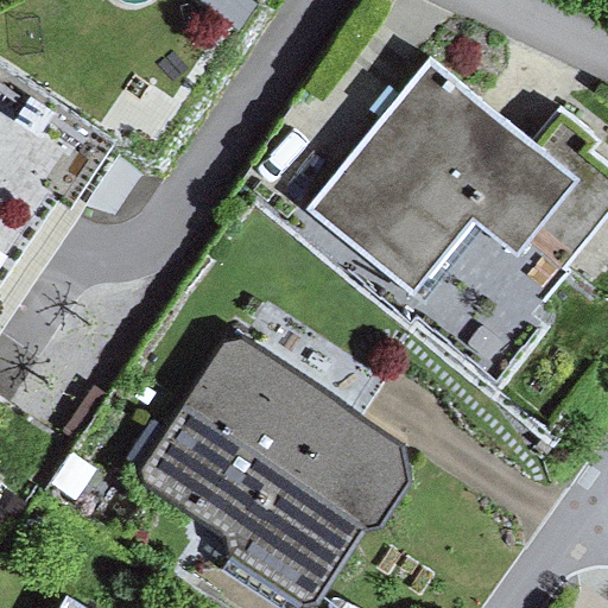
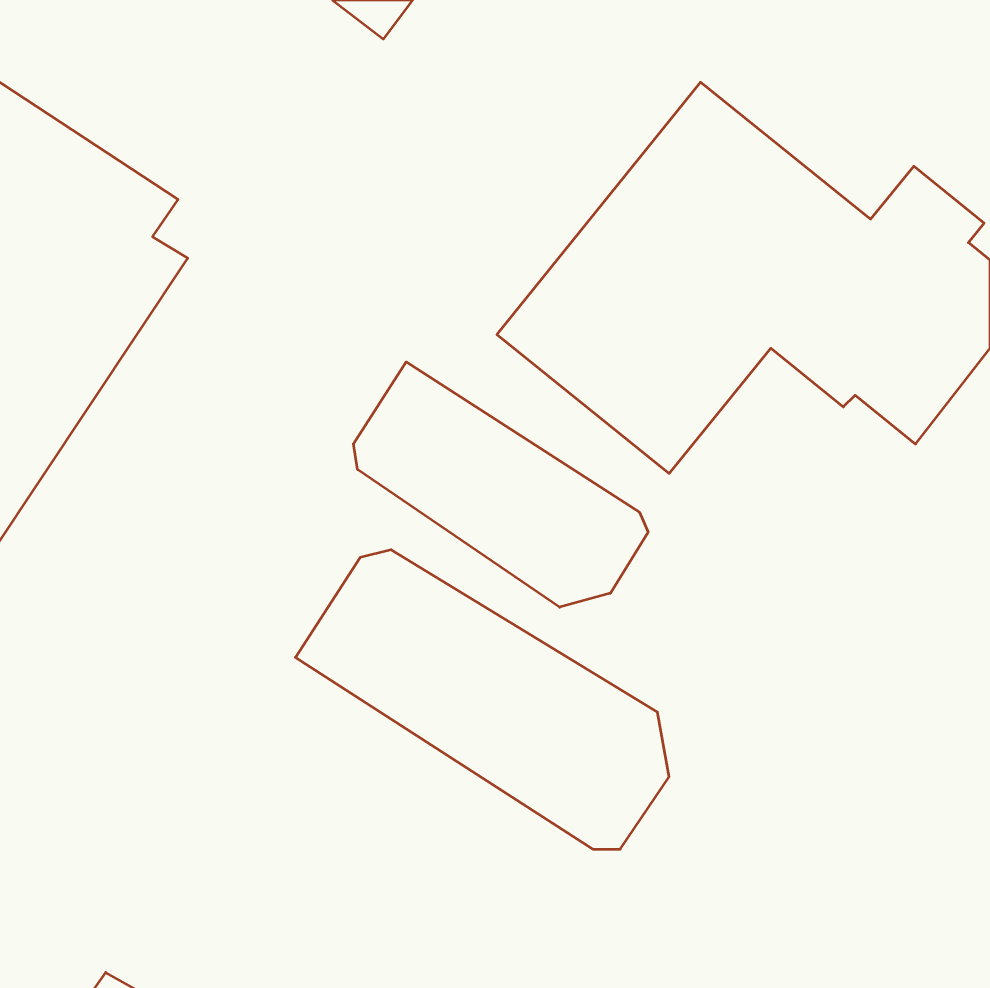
building: none -> [353,362,648,607]
building: [138,406,360,602] -> none

